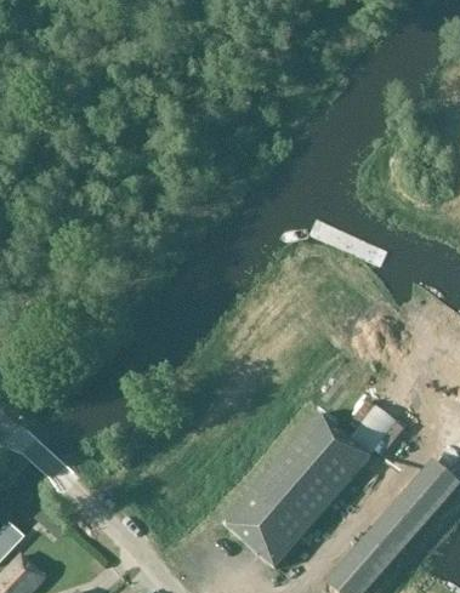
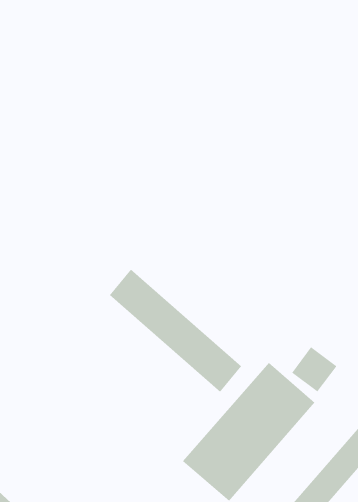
building: none -> [109,268,242,393]

